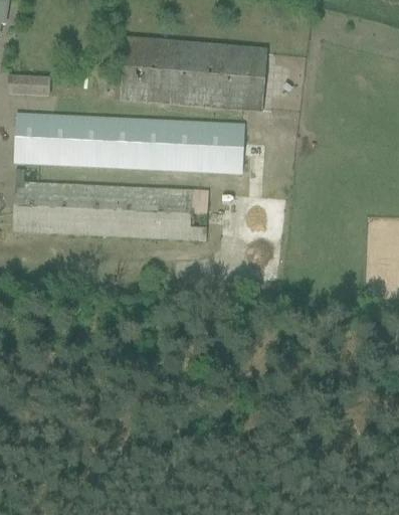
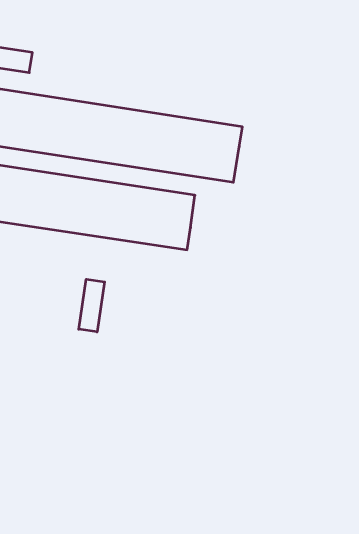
building: [120,36,266,110] -> none
building: none -> [79,279,105,332]

